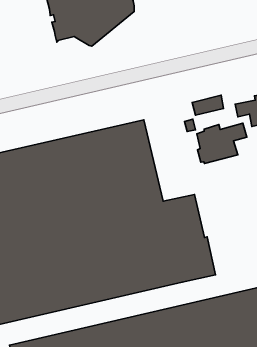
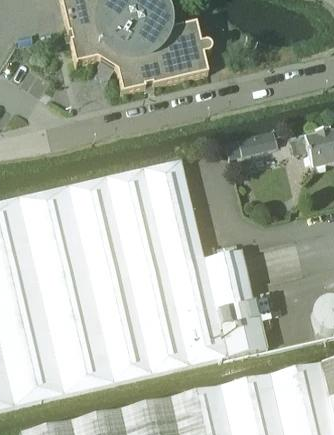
building: none -> [117,23,211,94]
building: [197,123,247,163] -> none

